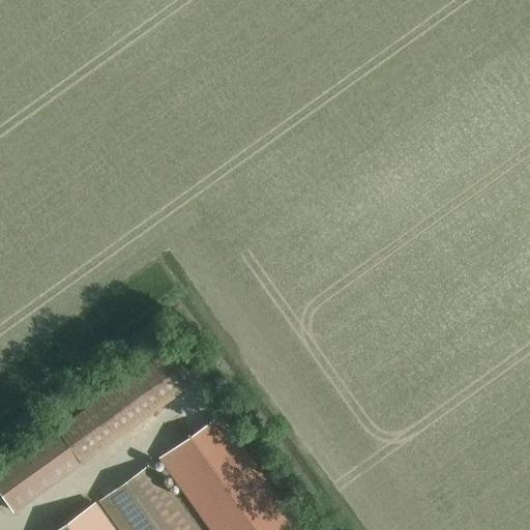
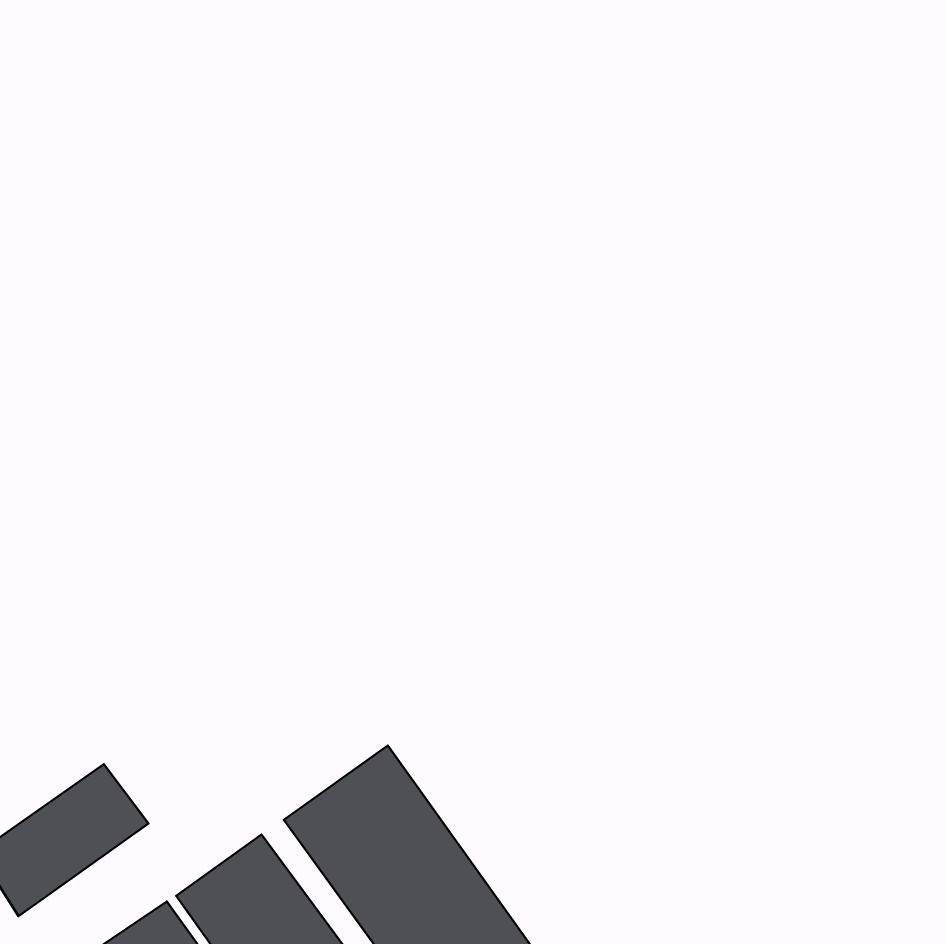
building: [58,350,192,462] -> none

